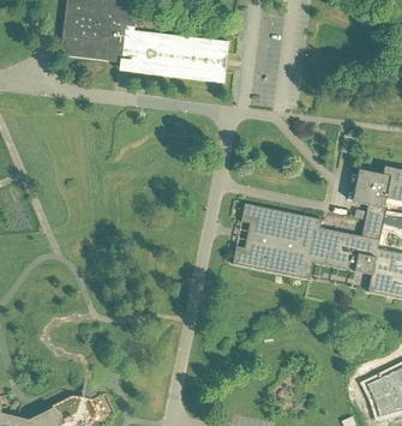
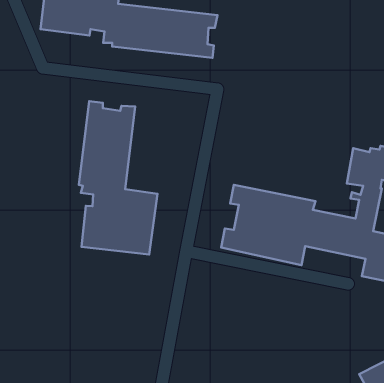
building: none -> [79,101,157,255]

